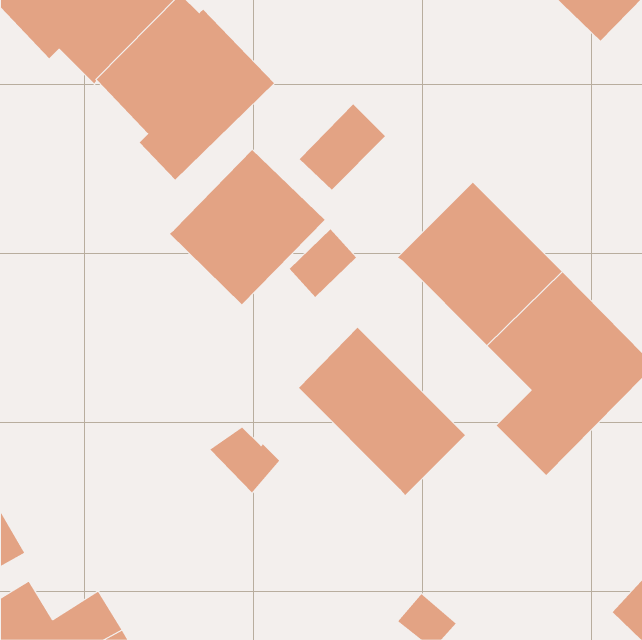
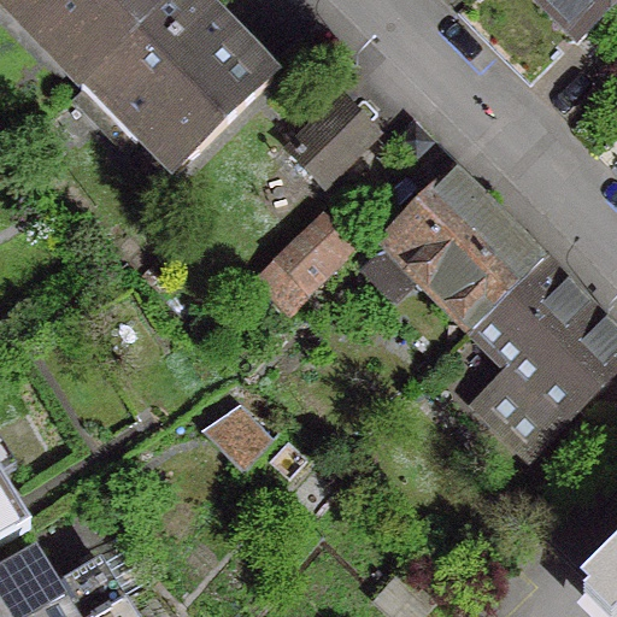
building: [169,149,326,305] -> none
building: [298,327,466,496] -> none

